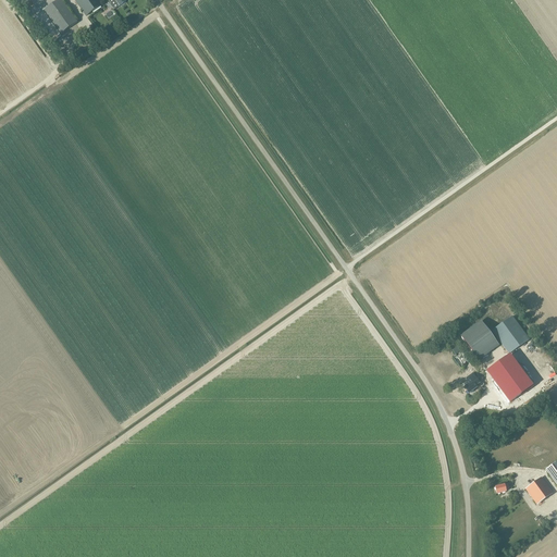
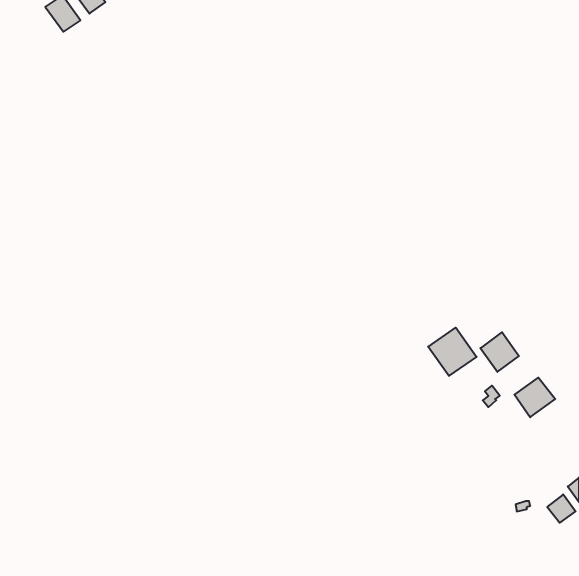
building: [492,313,530,351] -> none
building: none -> [428,328,477,376]

